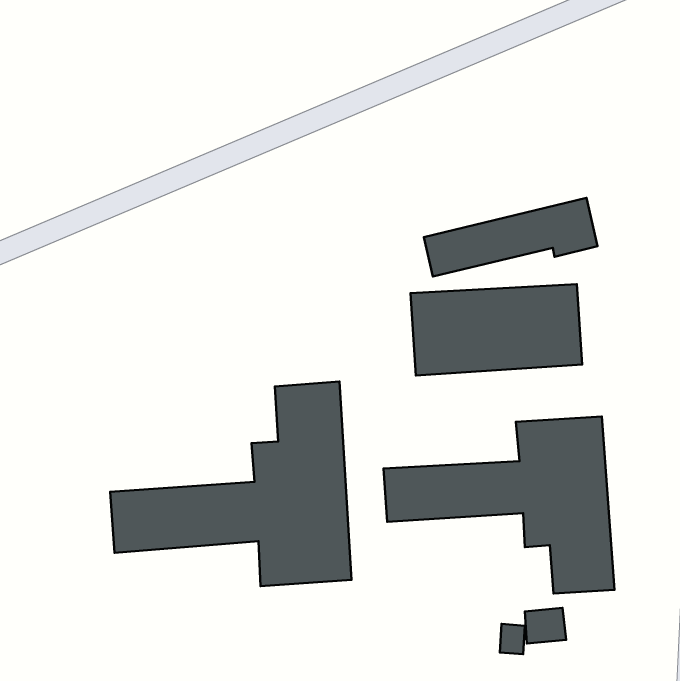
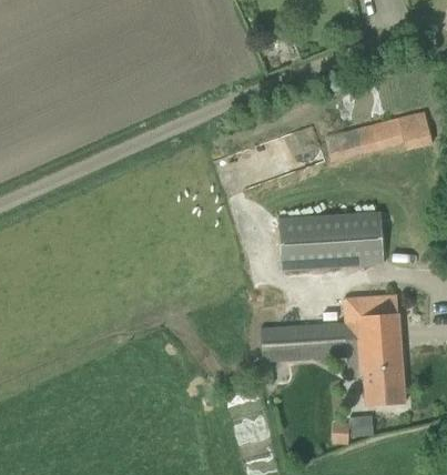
building: [424,198,597,277] -> [325,113,433,162]
building: [110,382,352,586] -> none

